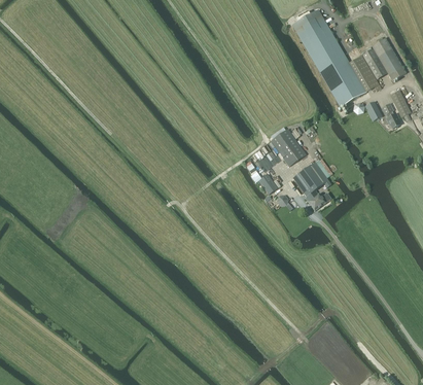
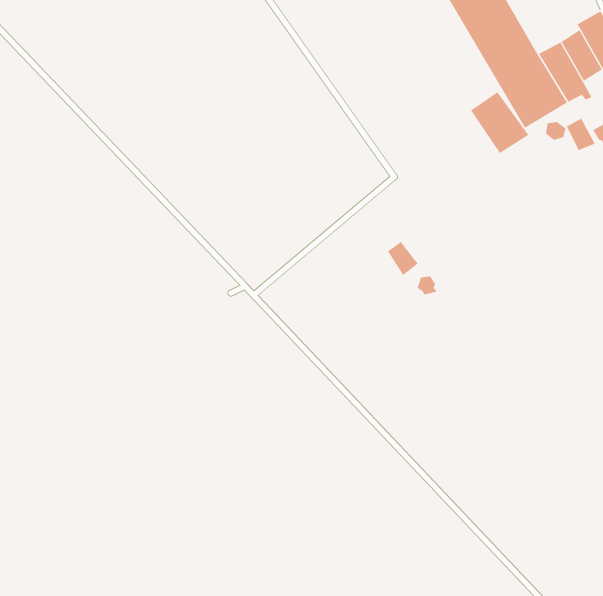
building: [271,128,306,165] -> [470,92,529,154]
building: [292,161,330,209] -> none

